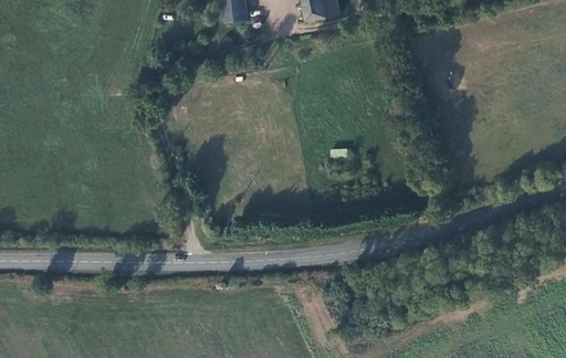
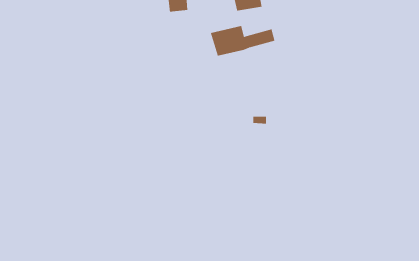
building: none -> [210,25,275,57]

